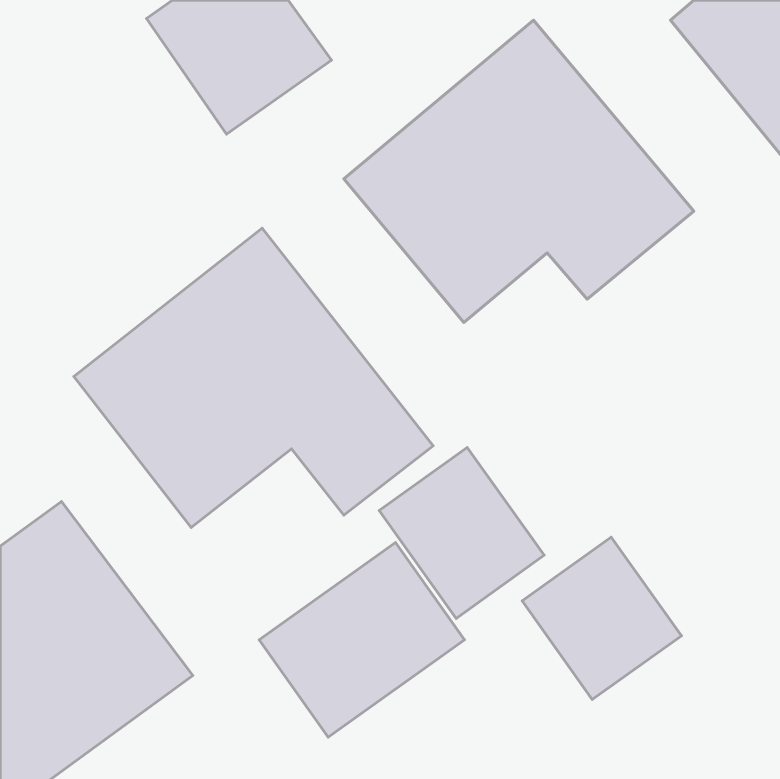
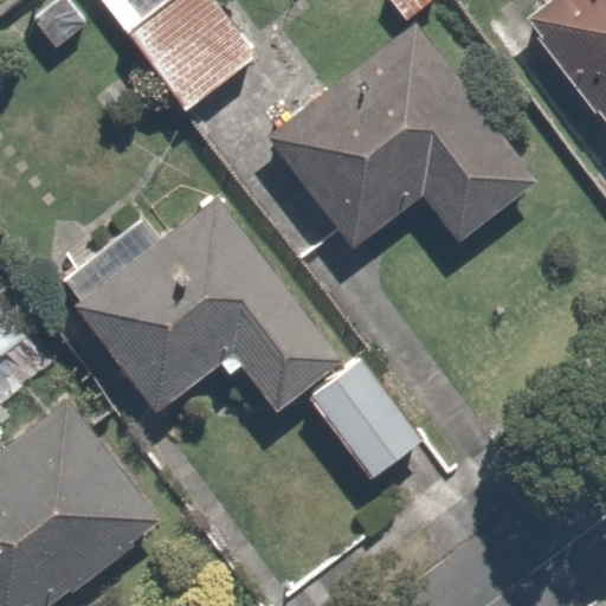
building: [522,537,681,700] -> none
building: [259,542,464,737] -> none

